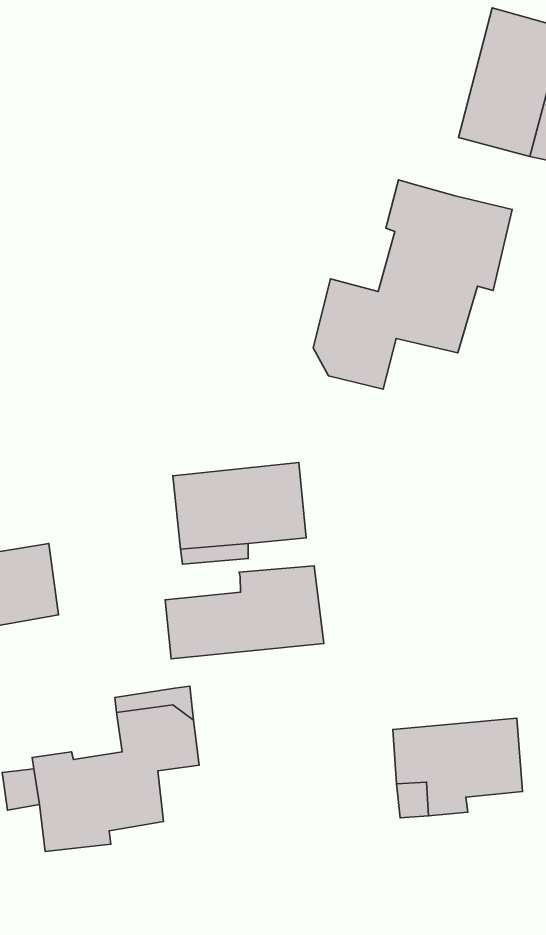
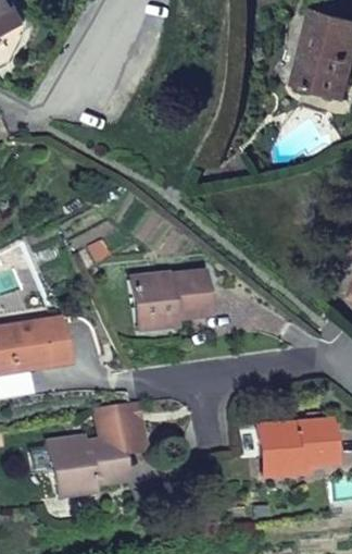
building: [313,180,512,389] -> none
building: [165,566,324,659] -> none

